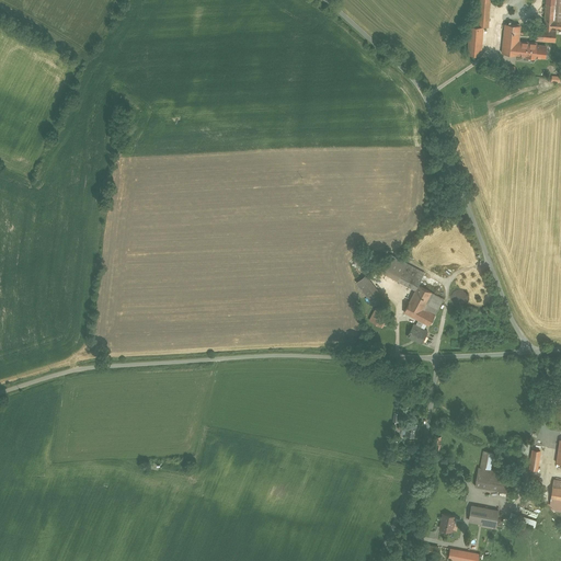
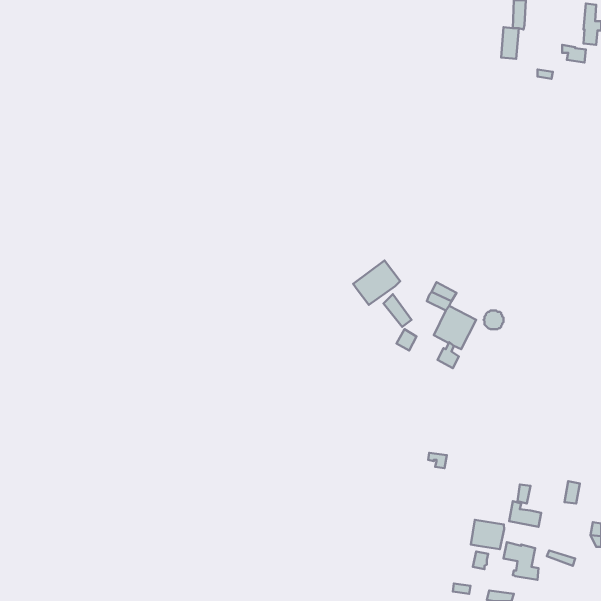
building: [502,24,529,56] -> none
building: none -> [353,260,400,305]
building: none -> [471,520,504,549]

